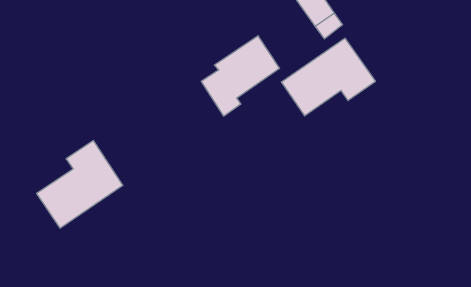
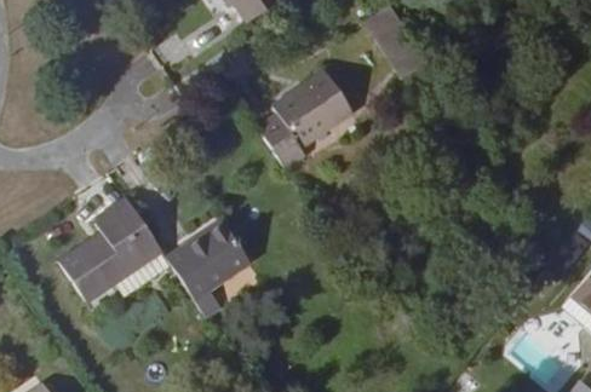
building: [281,38,375,116] -> none
building: none -> [166,220,249,315]

